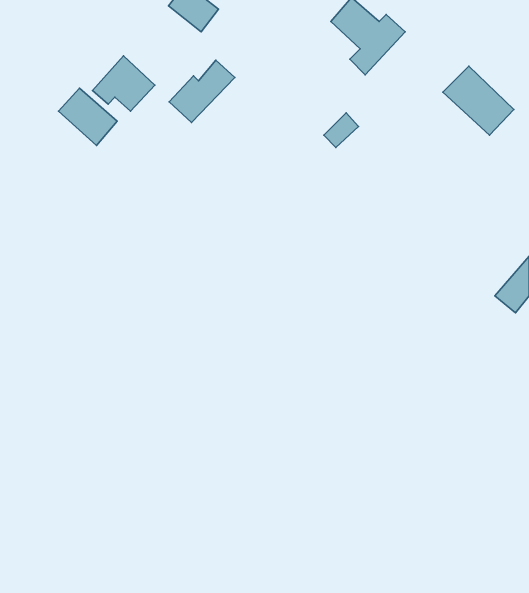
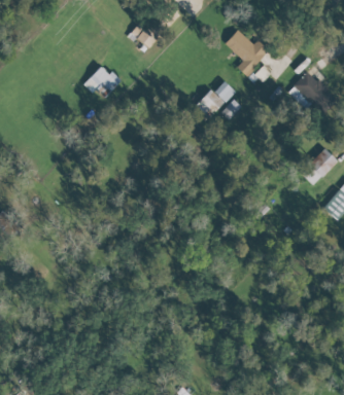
building: [169,60,235,122] -> [196,80,235,117]
building: [59,88,117,146] -> none
building: none -> [301,149,338,186]

